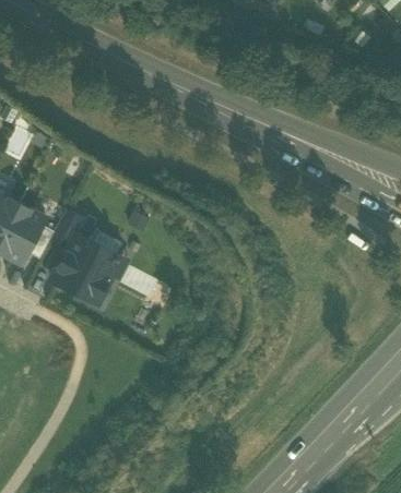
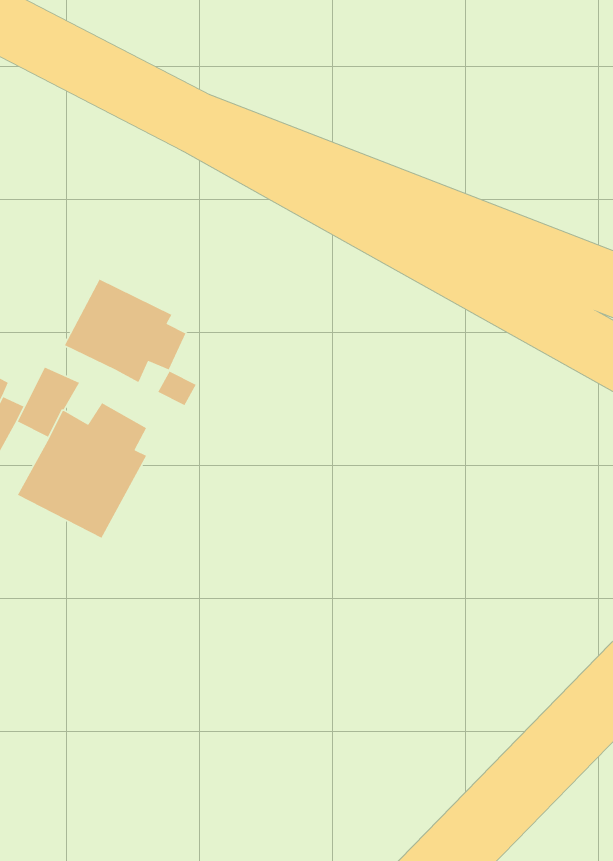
building: none -> [64,279,187,383]

